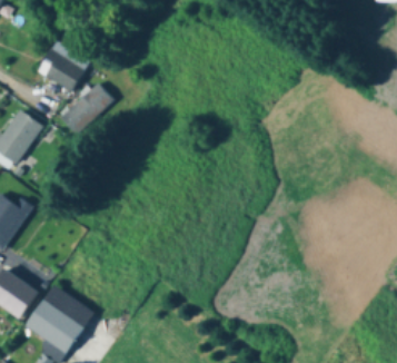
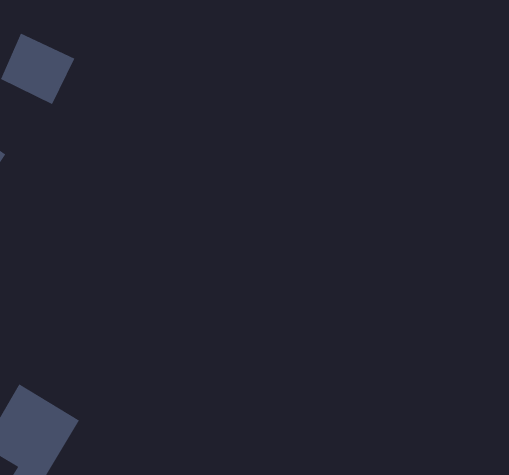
building: [60,81,115,134] -> none

